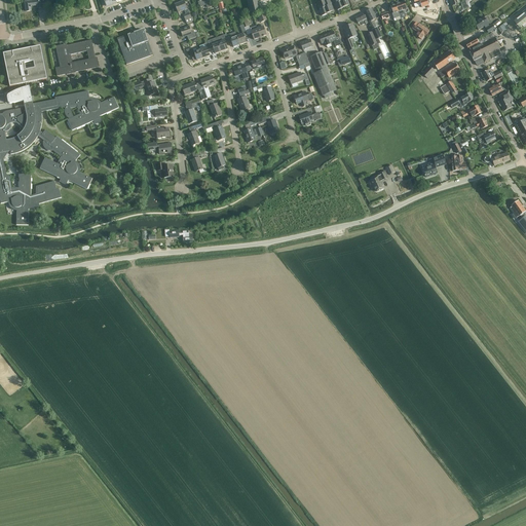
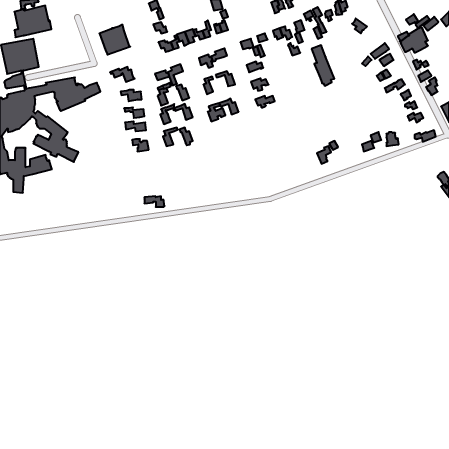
building: [54,39,98,76] -> [14,6,51,37]
building: [309,51,336,99] -> [312,45,334,86]

